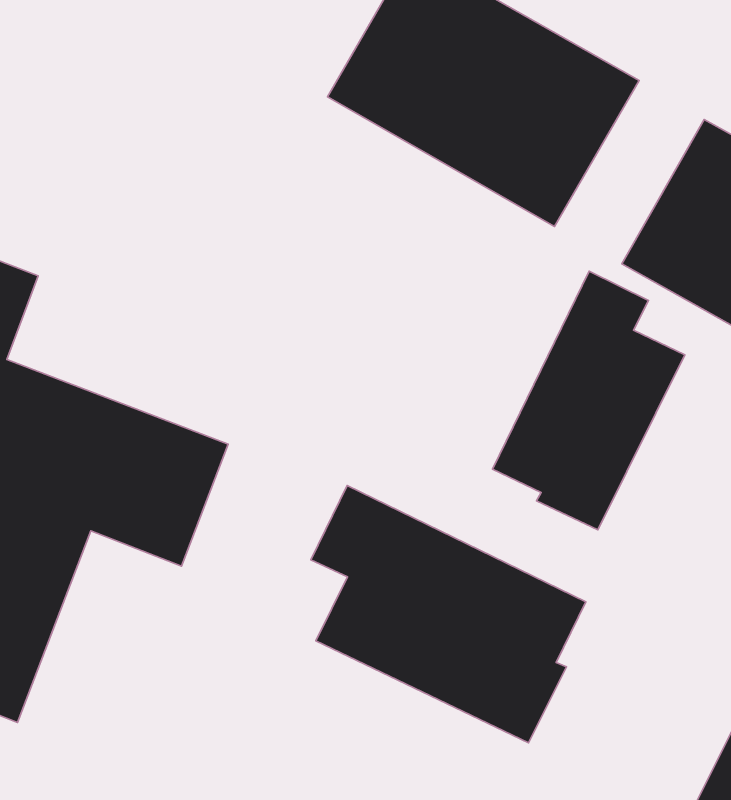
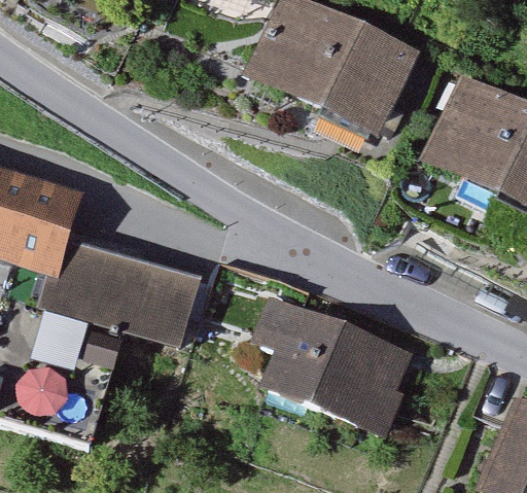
building: [493,271,685,530] -> none

